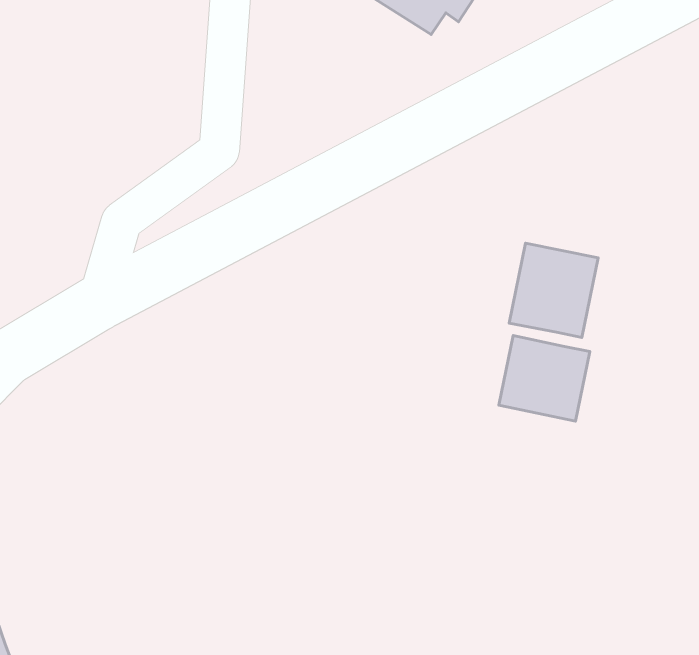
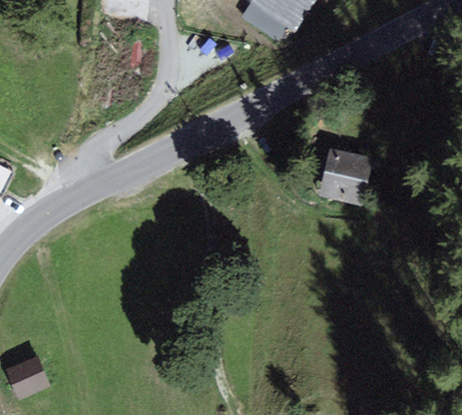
building: [499,336,590,421] -> none

